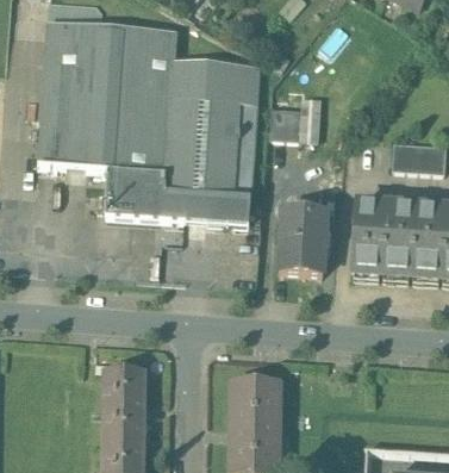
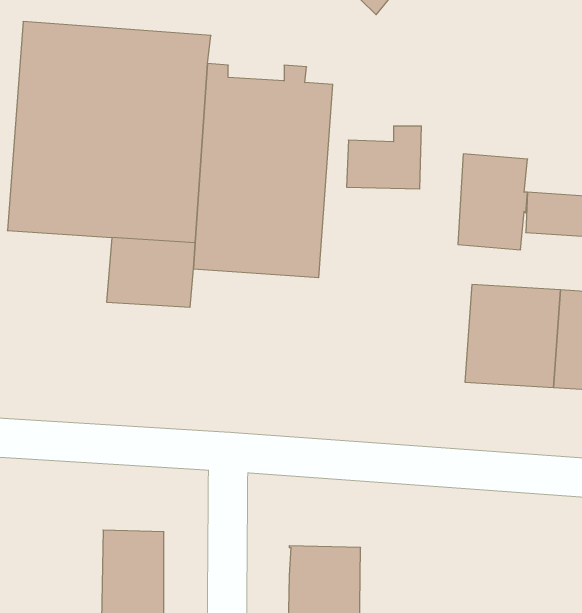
building: [162,192,250,224] -> none
building: [279,209,326,274] -> [458,154,528,250]

